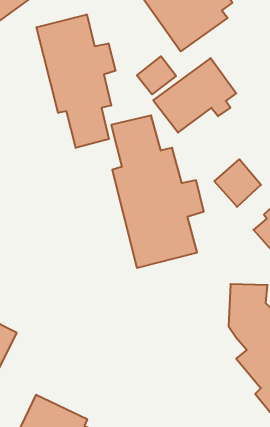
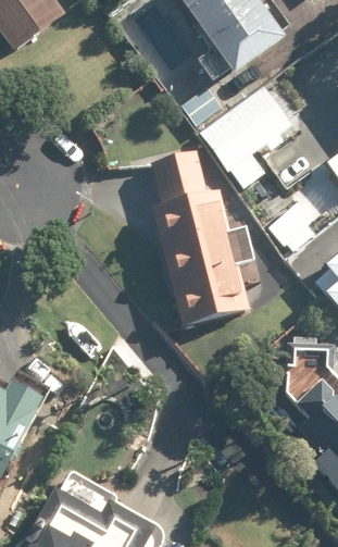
building: [37,14,116,148] -> none

